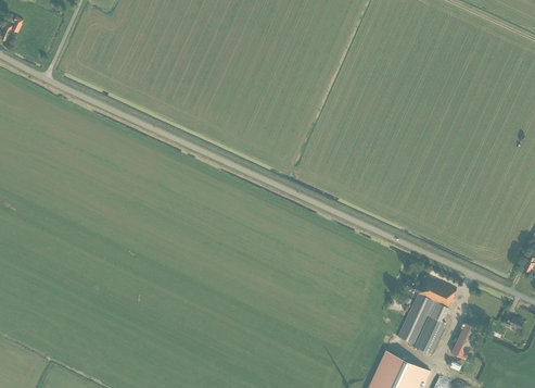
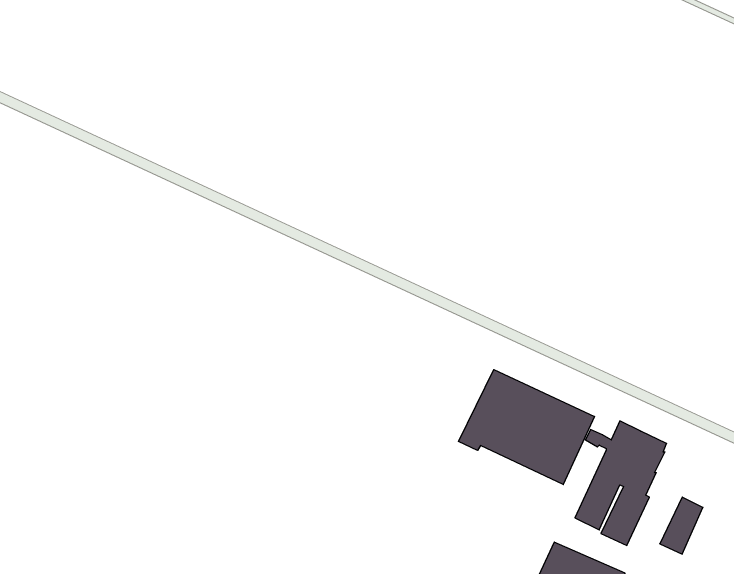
building: none -> [459,370,594,485]

